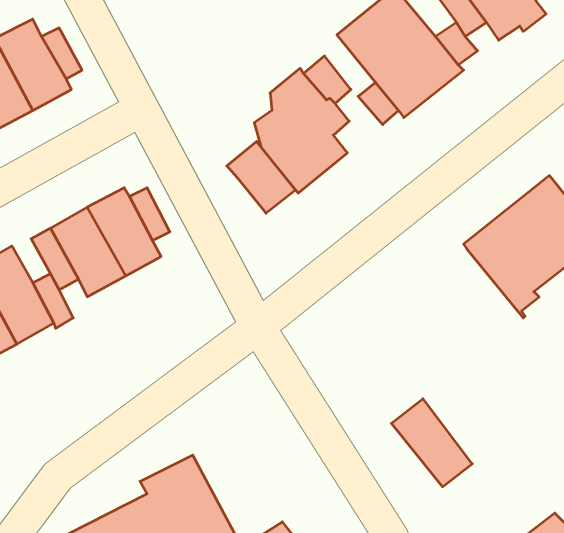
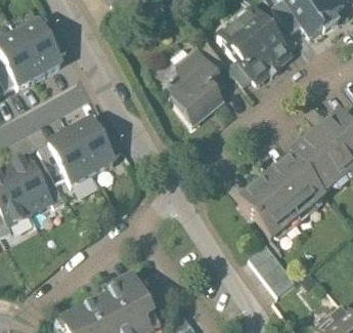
building: [227,141,295,213] -> none
building: none -> [237,156,324,239]

